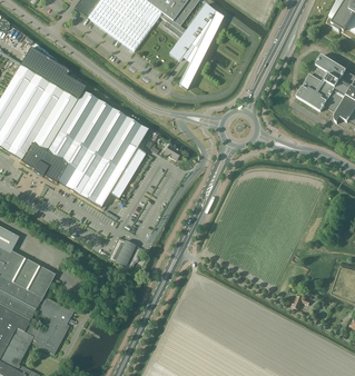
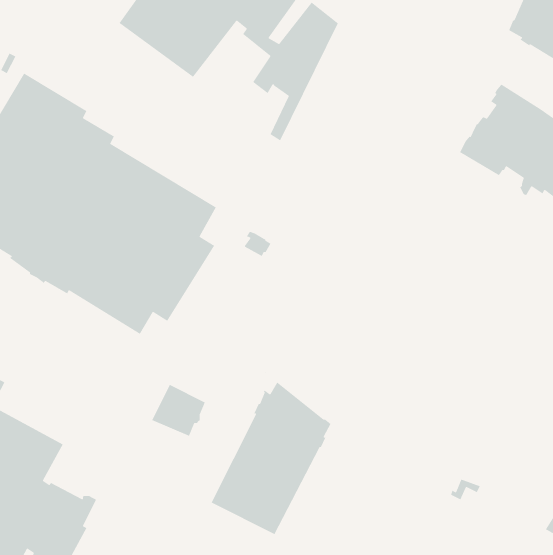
building: none -> [210,370,332,535]

